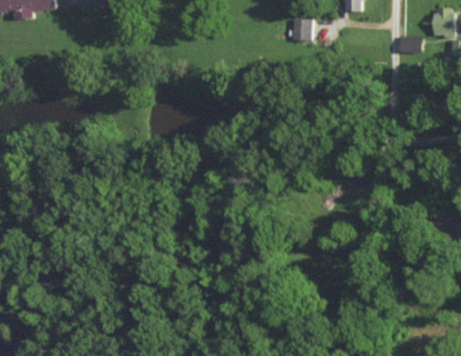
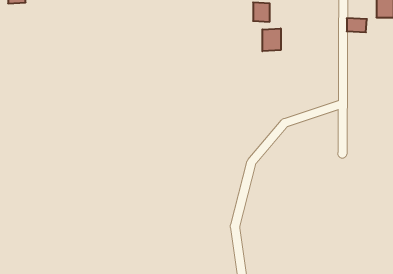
building: none -> [262,28,281,51]

